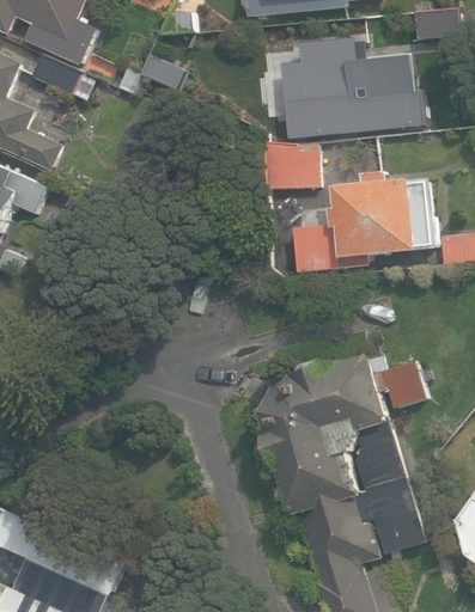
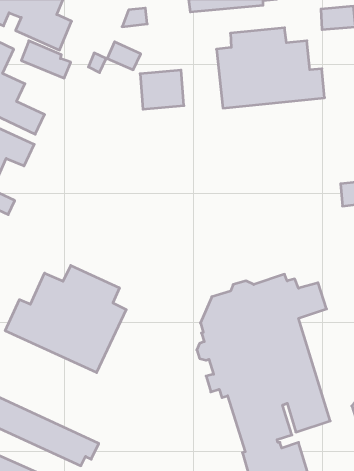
building: [263,140,319,190] -> [140,70,184,109]
building: [293,171,434,271] -> none
building: none -> [5,265,126,373]

